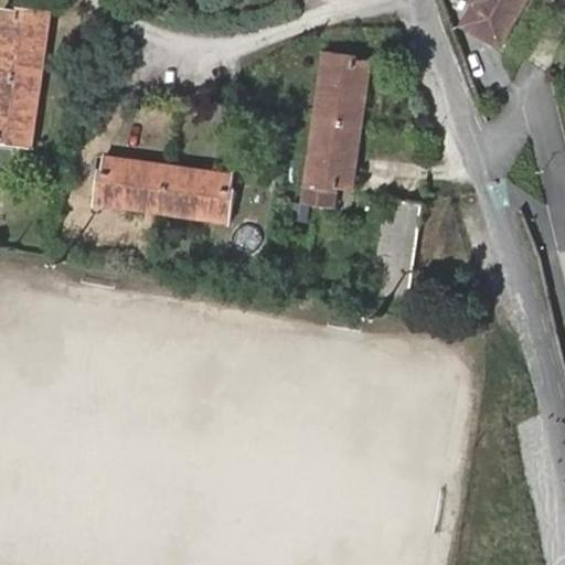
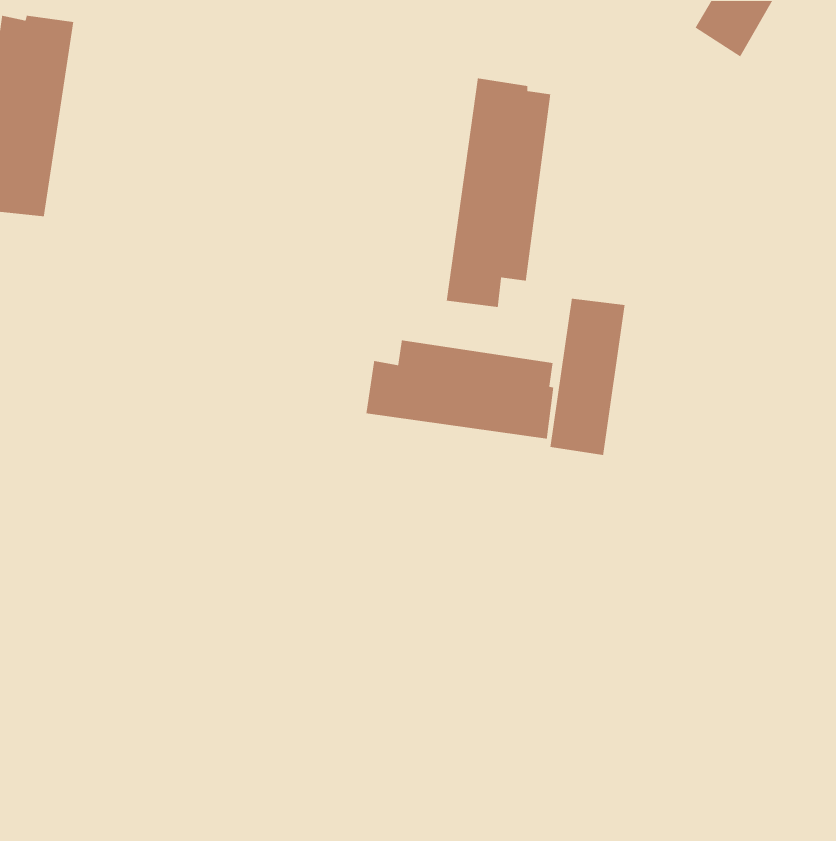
building: [94,157,233,222] -> none
building: none -> [365,339,554,439]

